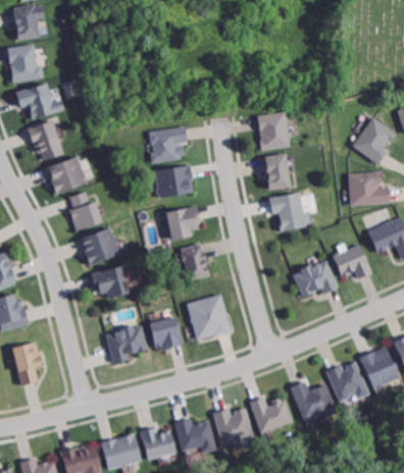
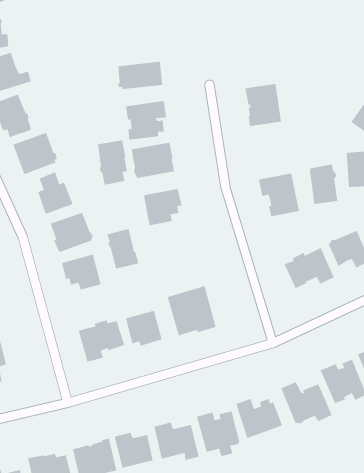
building: none -> [117,61,163,90]
building: [264,153,291,190] -> [309,164,338,205]
building: none -> [97,139,127,186]
building: [181,245,210,281] -> [107,229,139,269]

